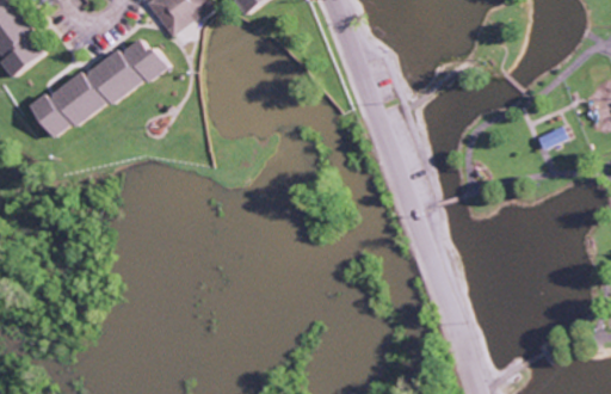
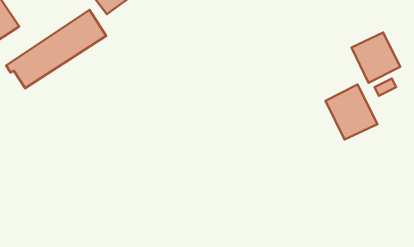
building: none -> [352,33,400,83]
building: none -> [325,85,377,140]

